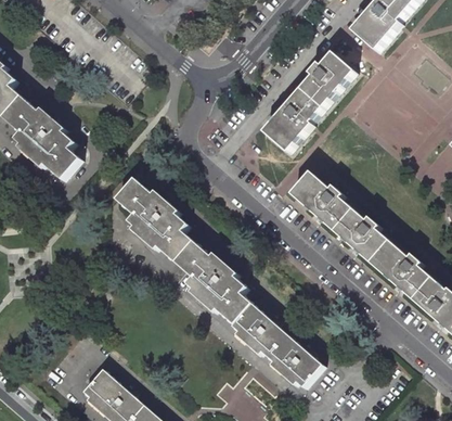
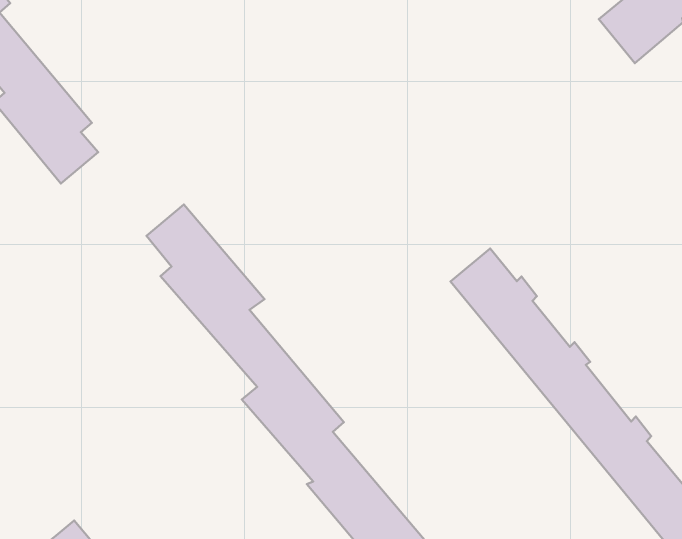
building: [262,51,353,152] -> none

